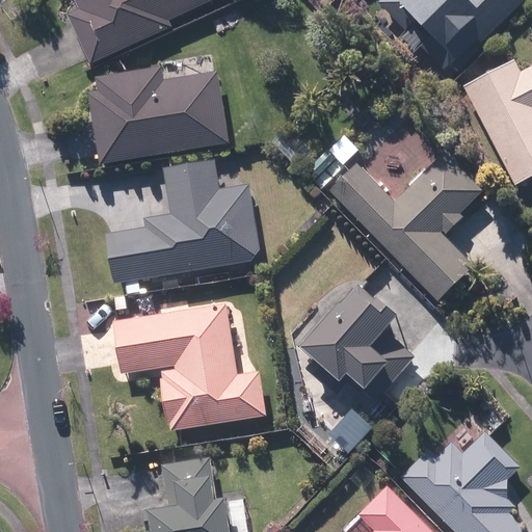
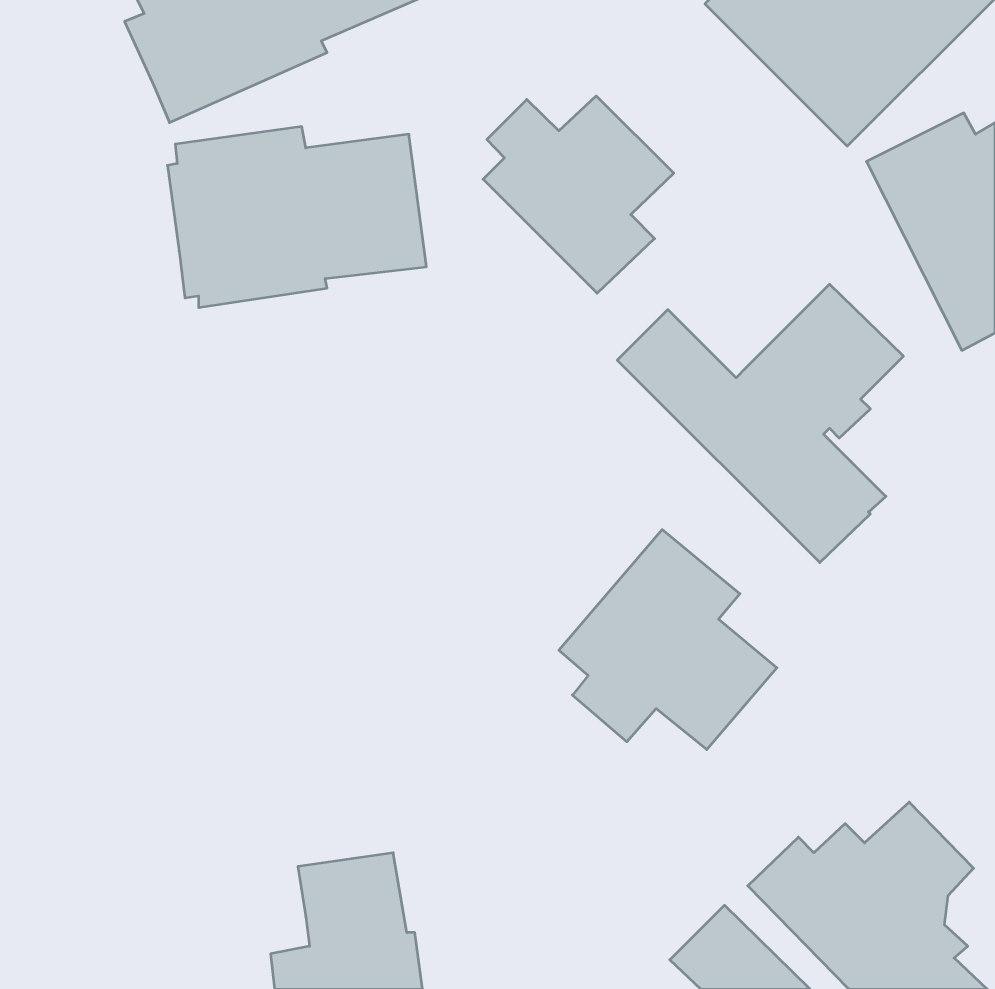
building: none -> [483,96,674,293]
building: [106,158,260,283] -> none
building: [112,302,266,430] -> none

